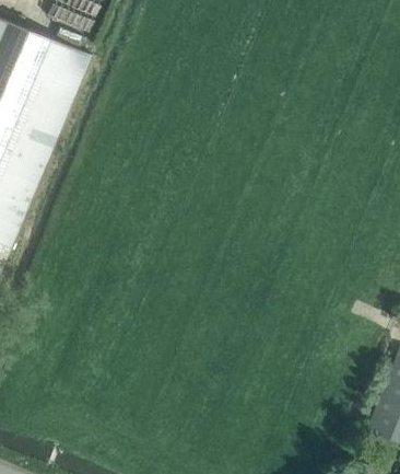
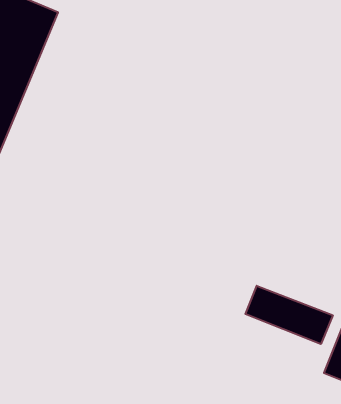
building: none -> [245,286,333,344]

